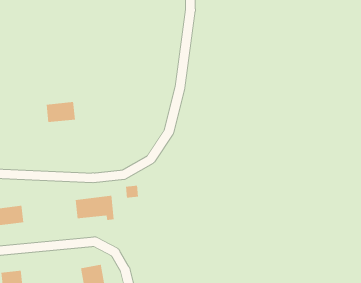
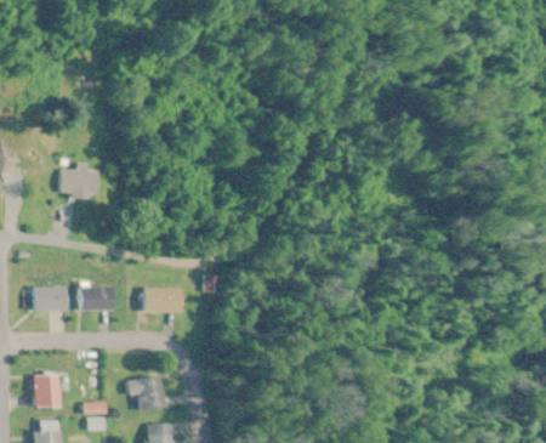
building: [46,102,76,123] -> [61,169,98,193]
building: none -> [75,285,114,309]

